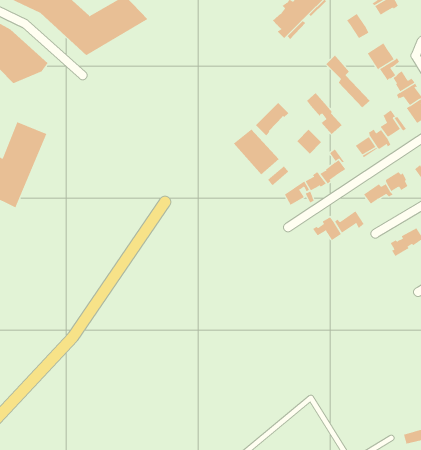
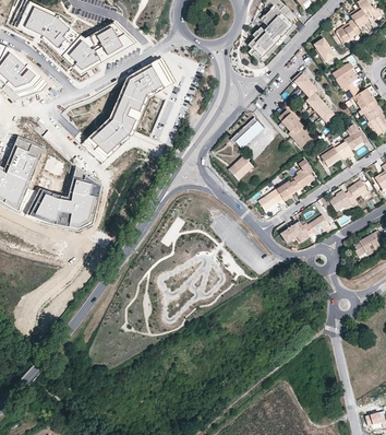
building: none -> [83,57,176,161]
building: none -> [26,165,101,228]

